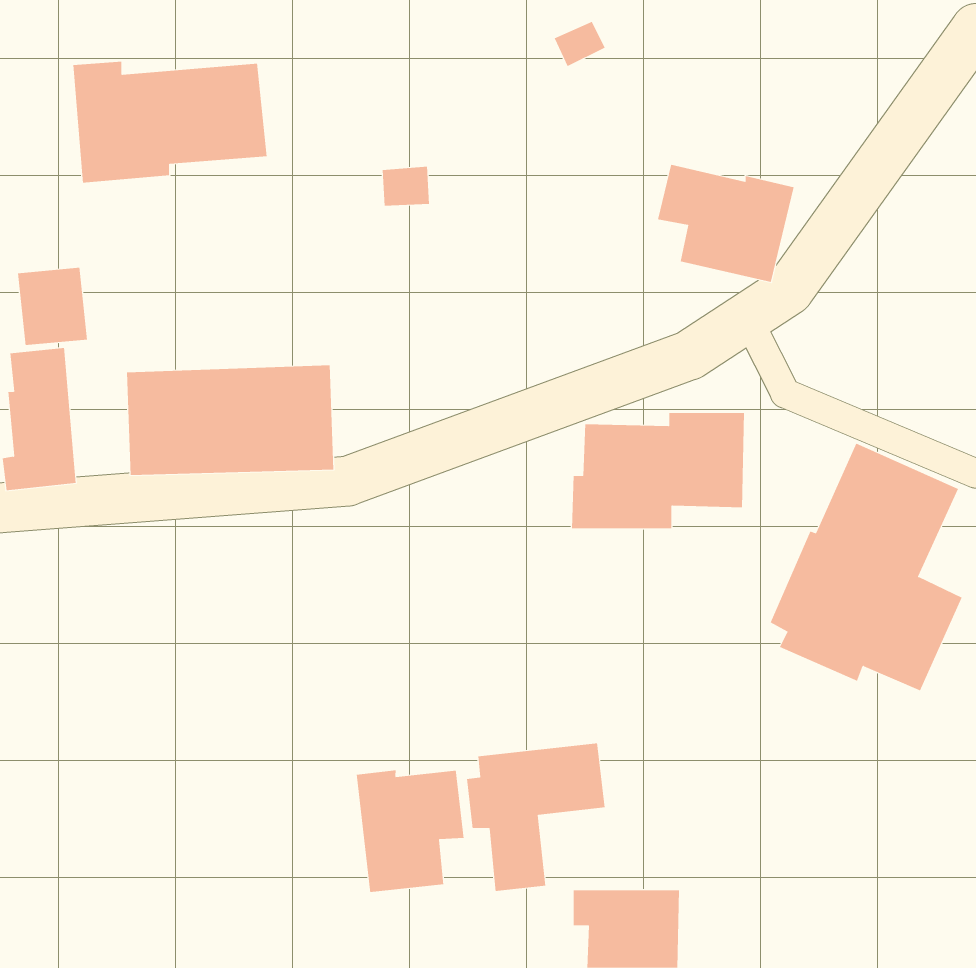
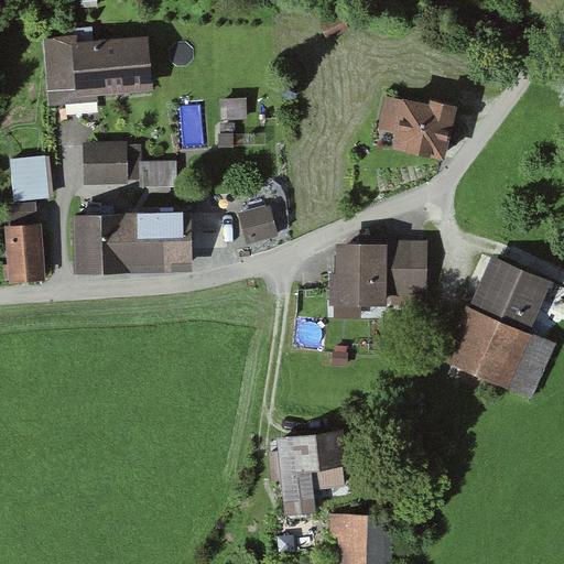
building: none -> [84,141,178,186]
building: none -> [239,204,279,242]
building: [356,770,464,893] -> none

